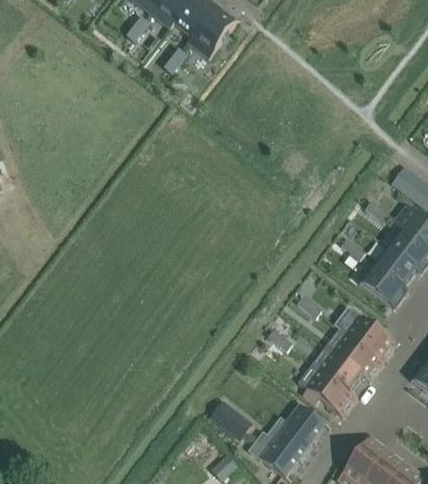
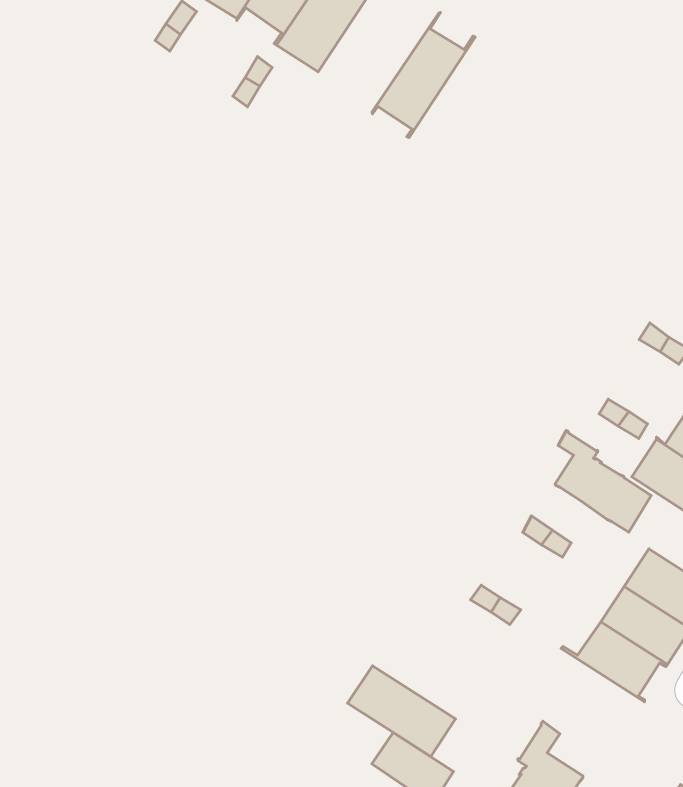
building: none -> [372,12,475,138]
building: none -> [555,431,651,532]
building: [298,364,353,413] -> [347,666,456,757]

